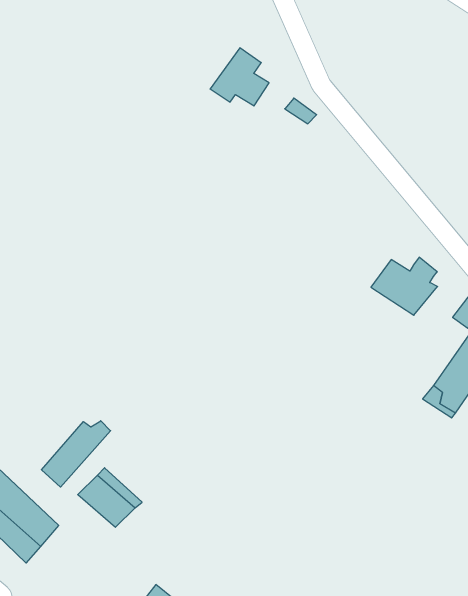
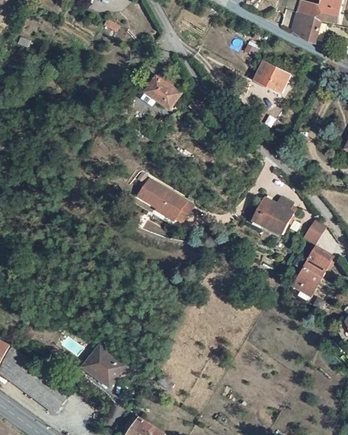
building: none -> [251,57,287,91]
building: none -> [136,176,190,219]
building: [41,421,111,487] -> none

